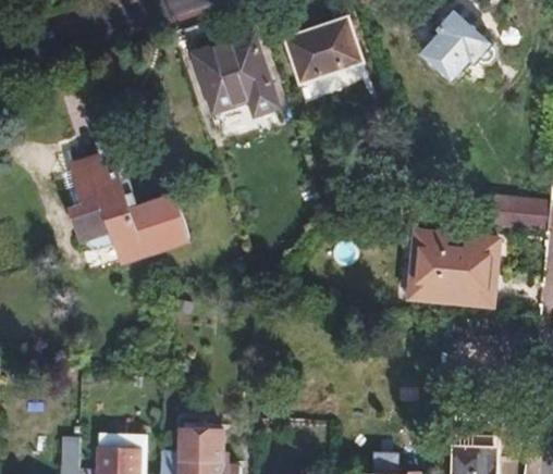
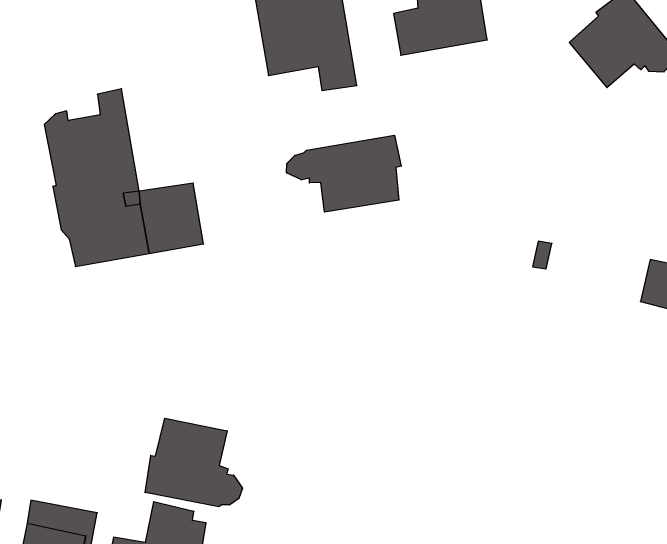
building: none -> [287,135,401,212]
building: [406,235,494,304] -> none
building: none -> [145,418,243,507]

